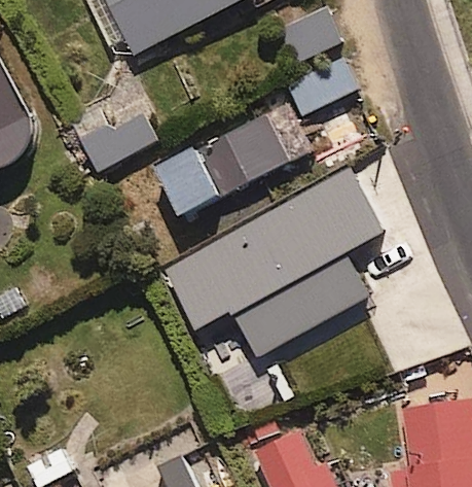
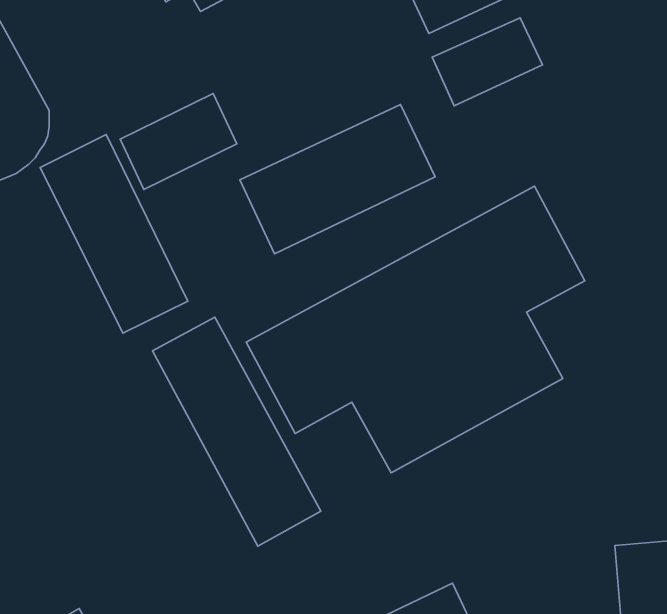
building: none -> [40,134,188,333]
building: none -> [152,317,321,546]

